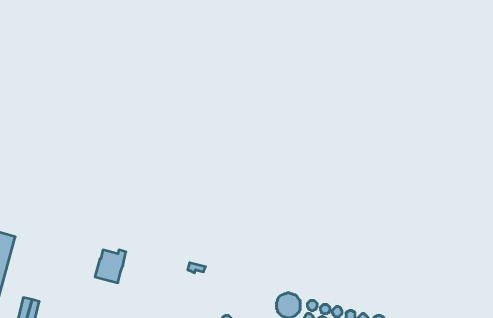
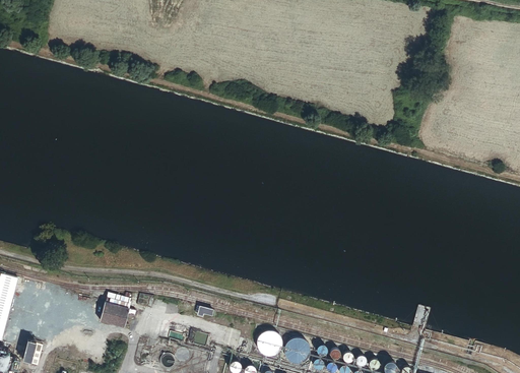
building: none -> [256,329,281,355]

